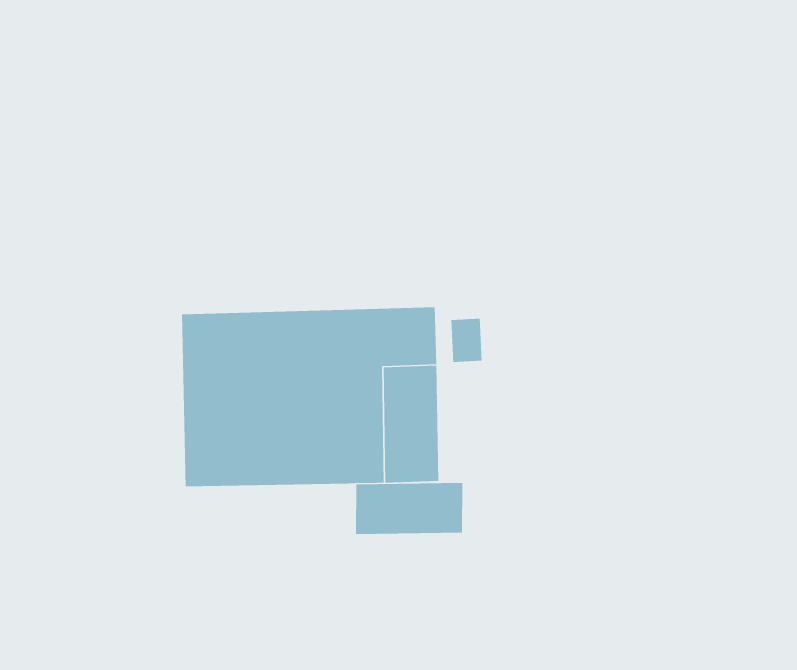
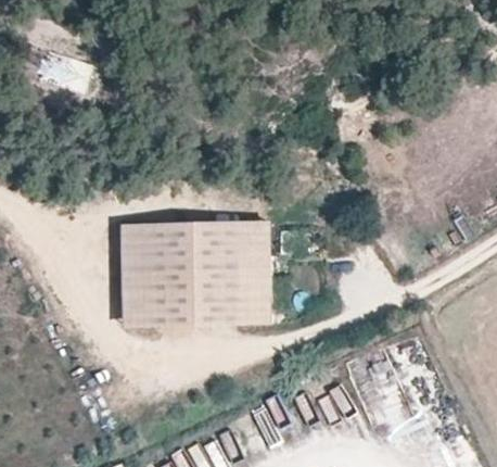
building: [355,482,463,535] -> none

